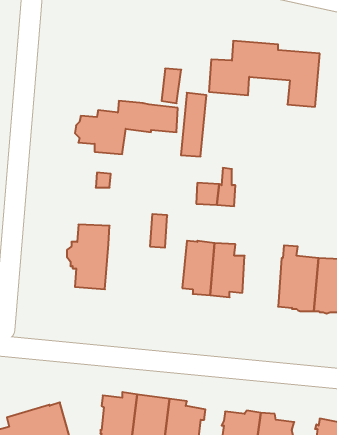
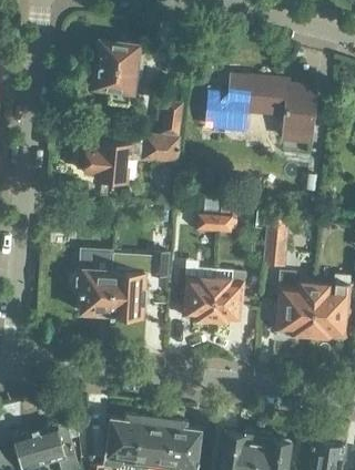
building: none -> [93,42,143,93]
building: [181,93,206,156] -> [265,204,290,265]
building: none -> [109,263,145,319]

